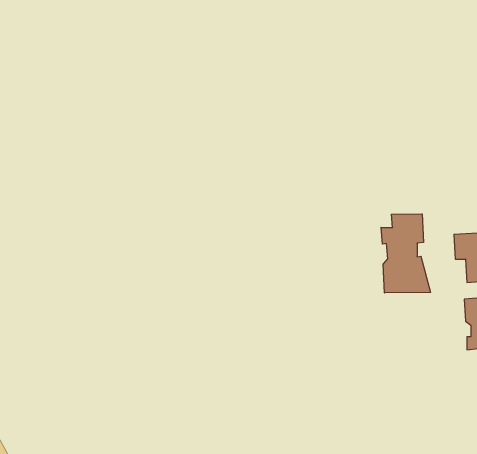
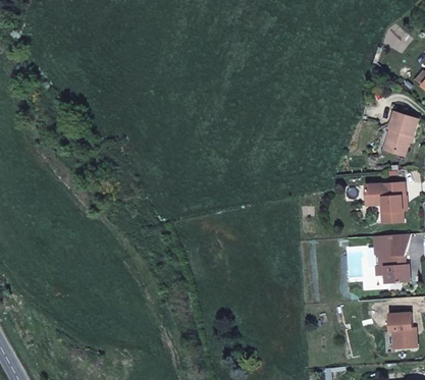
building: [381,214,431,293] -> none

